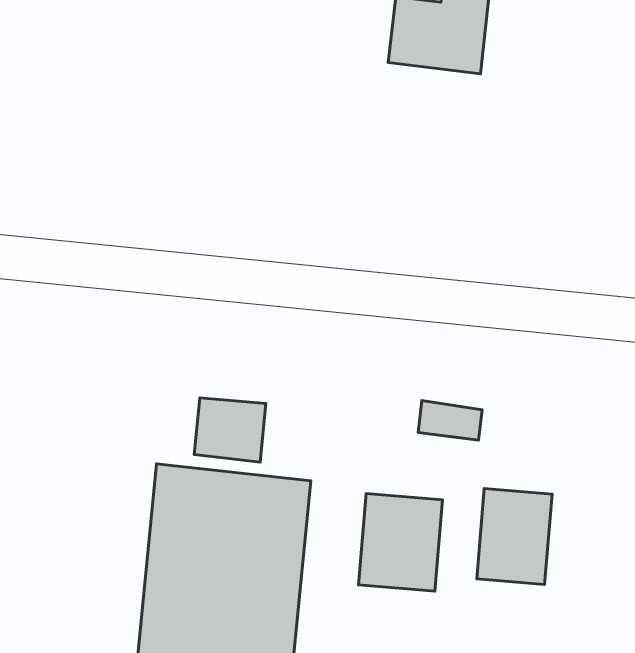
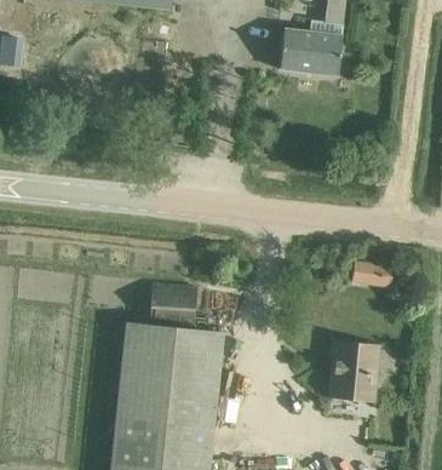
building: [418,400,482,440] -> [351,260,392,286]
building: [359,494,442,591] -> none

